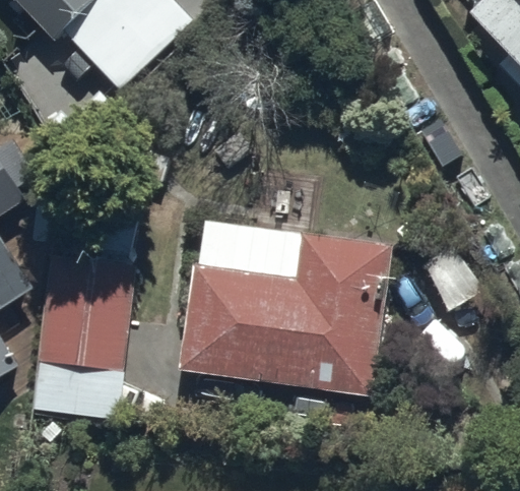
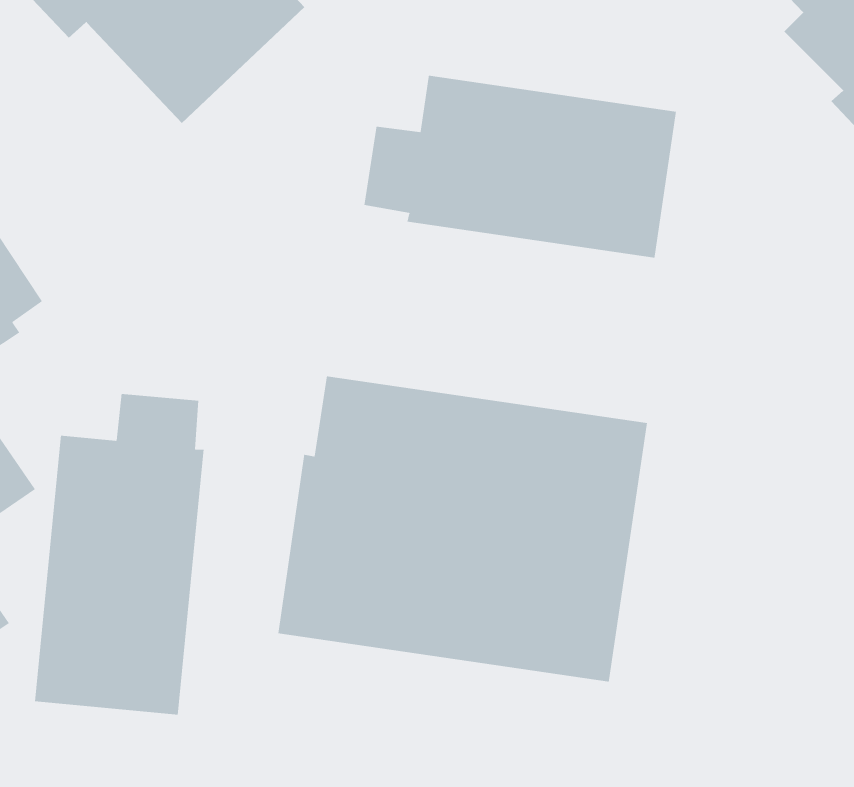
building: none -> [364,75,677,259]

